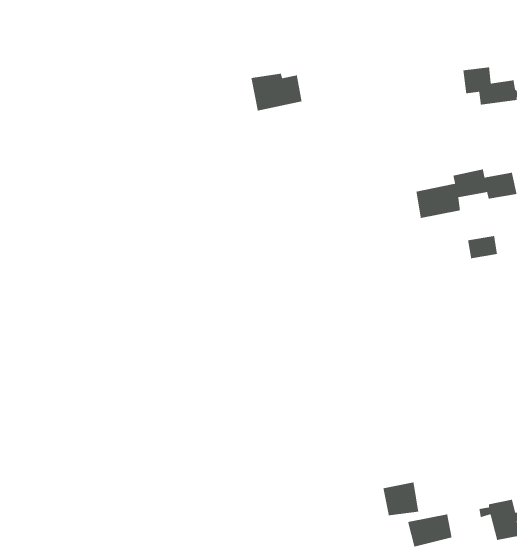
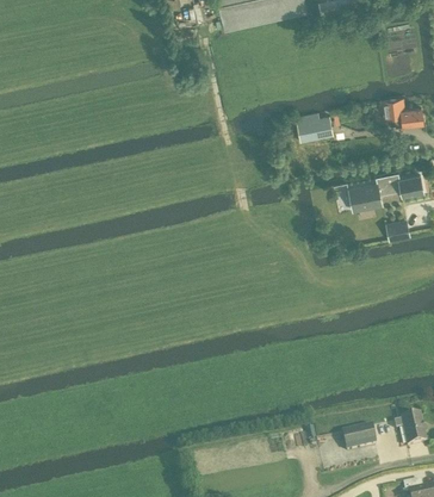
building: [251,73,302,112] -> [294,110,333,138]
building: [383,482,419,516] -> none

